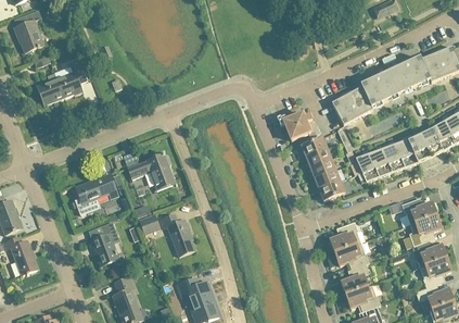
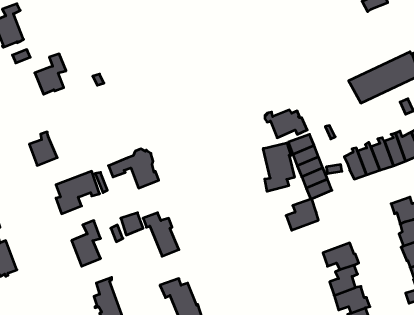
building: [36,73,63,105] -> [29,132,57,165]
building: [331,87,372,125] -> none
building: none -> [263,143,294,191]
building: [329,222,360,252] -> [286,199,318,230]

